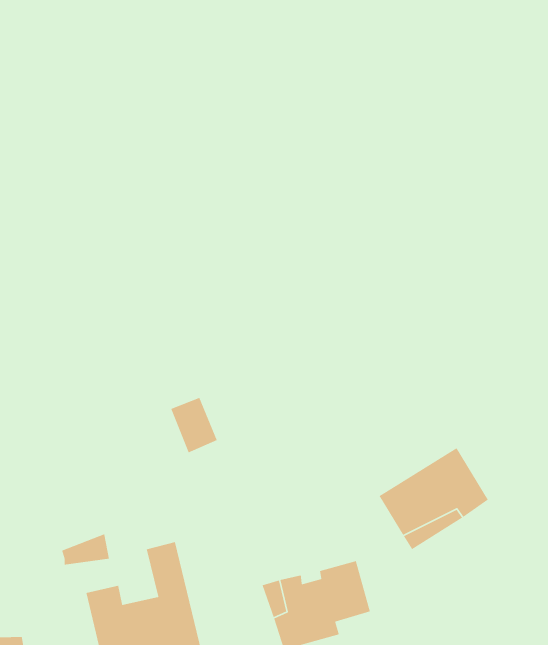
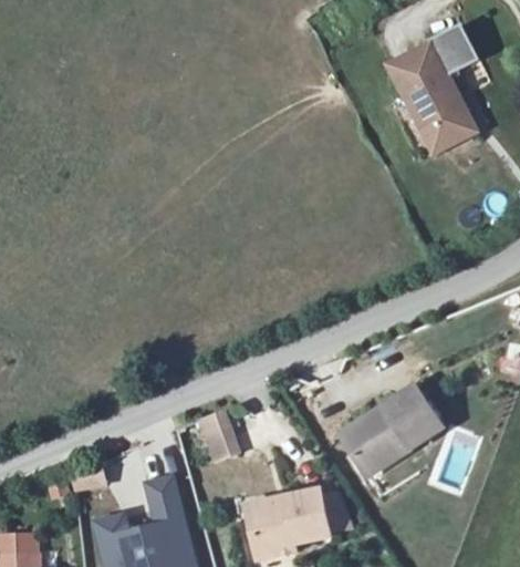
building: none -> [393,23,479,148]
building: [170,397,218,453] -> [196,411,237,460]

